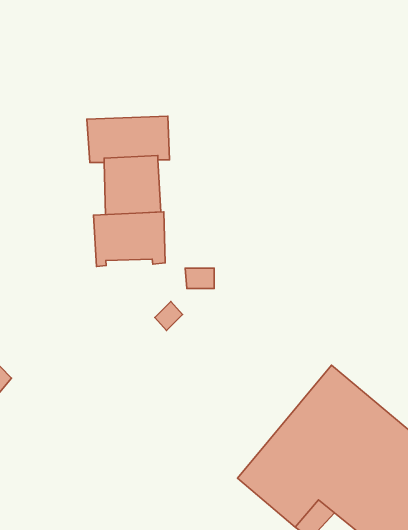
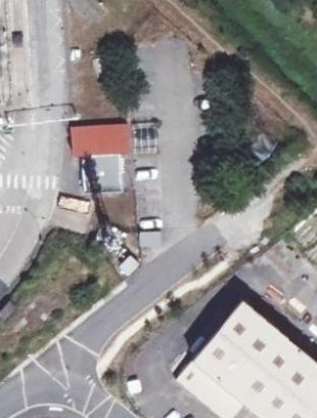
building: [94,212,165,266] -> none

